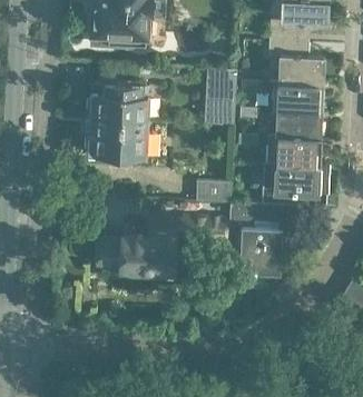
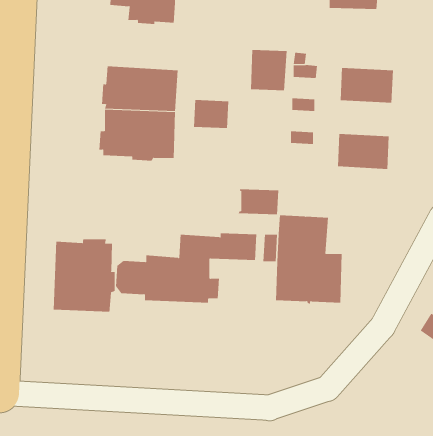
building: [268,43,323,87] -> none
building: [205,102,234,126] -> [193,100,229,129]
building: [277,111,321,140] -> none
building: [251,165,317,207] -> none
building: none -> [53,239,115,313]

